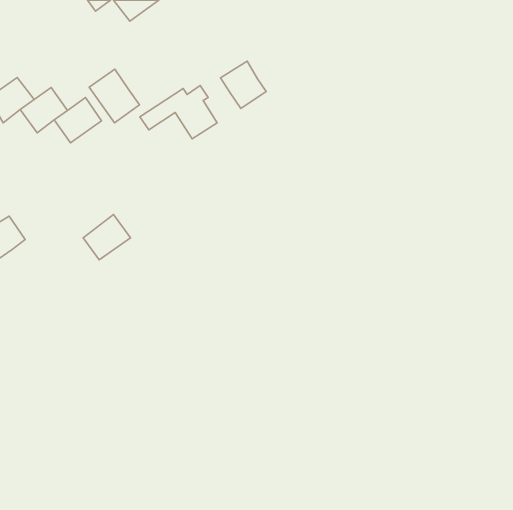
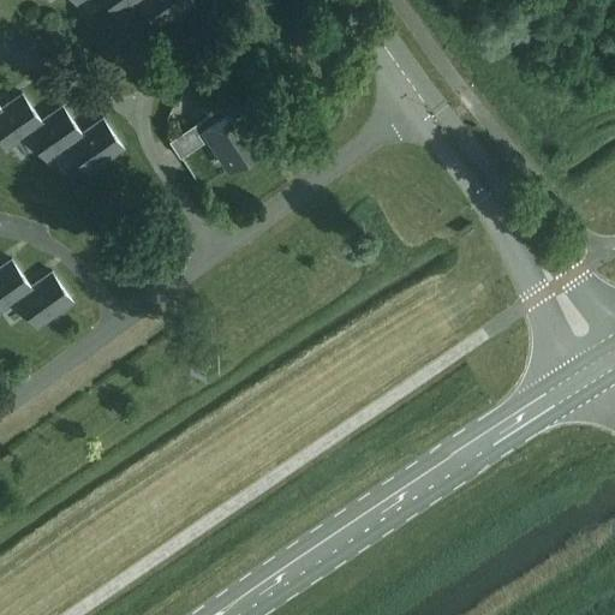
building: [221,61,266,108] -> none
building: [89,69,139,123] -> none
building: [83,215,131,260] -> [14,275,71,329]

